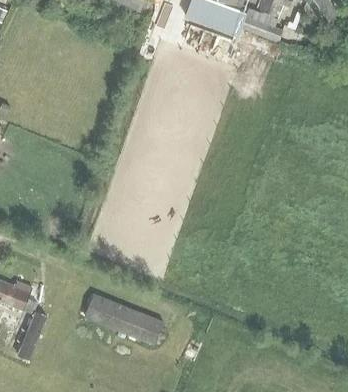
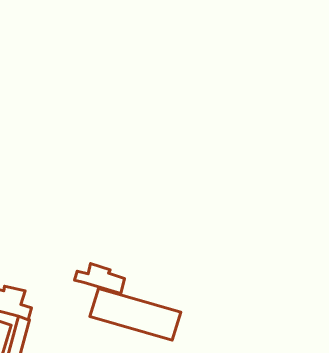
building: none -> [74,263,125,294]

